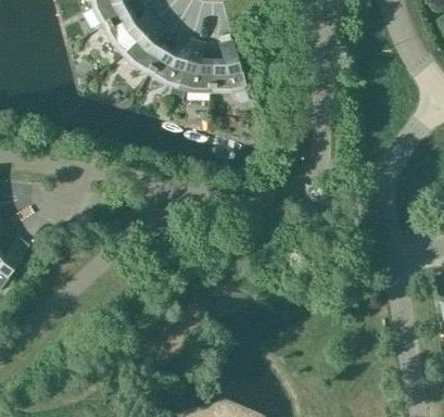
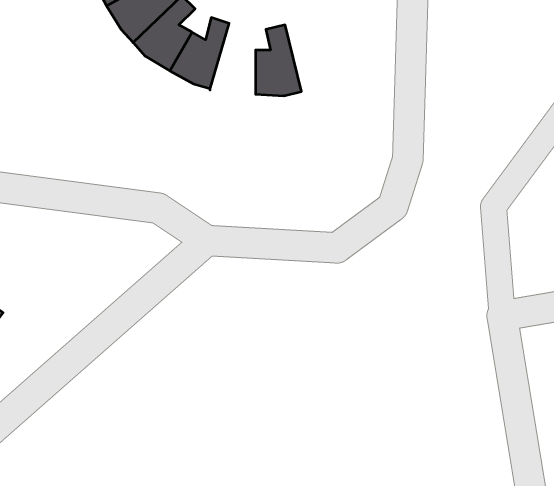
building: [175,38,212,101] -> none

